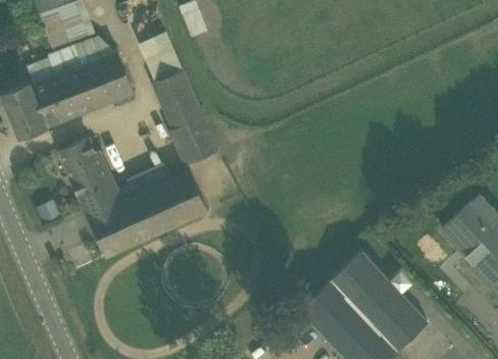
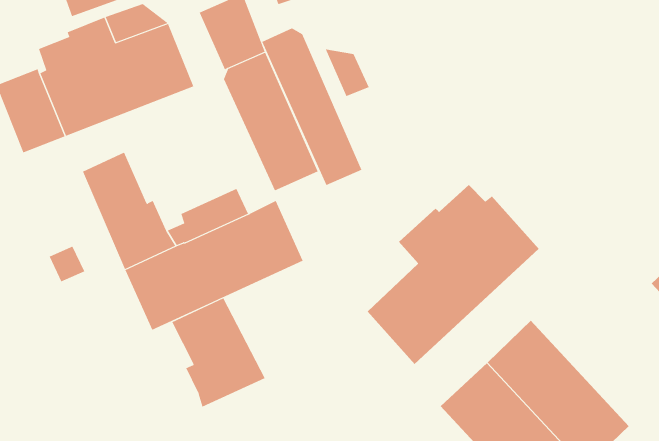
building: none -> [262,28,362,186]
building: none -> [325,49,369,97]
building: none -> [367,184,540,365]
building: none -> [172,298,266,408]

